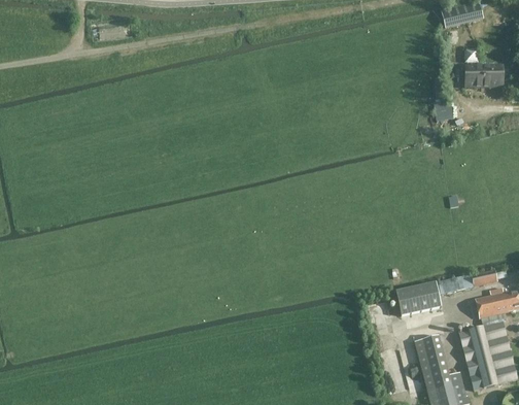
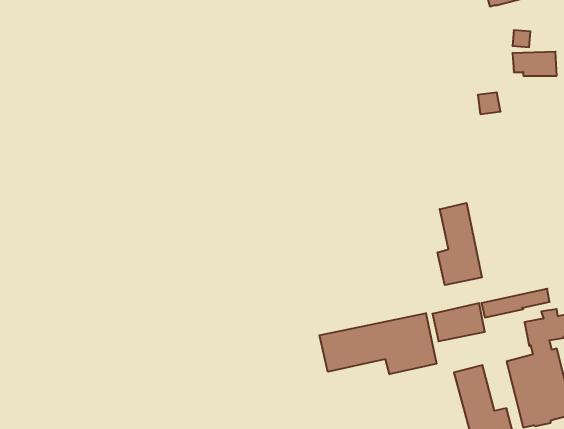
building: none -> [438,203,482,285]
building: none -> [319,313,436,374]

